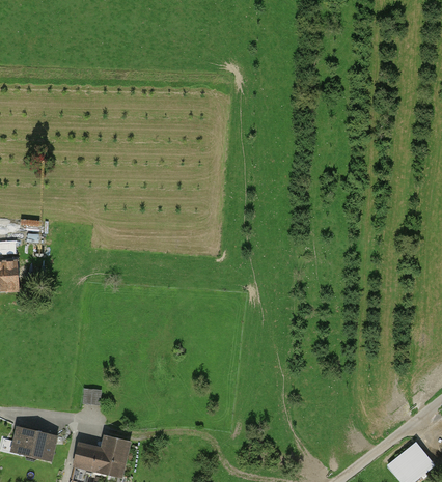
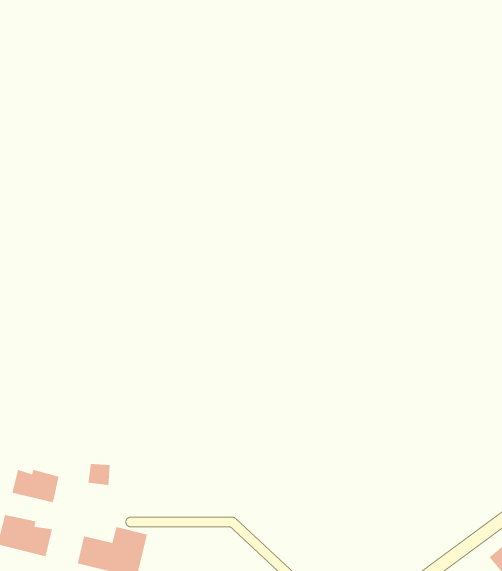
building: none -> [11,469,60,503]

